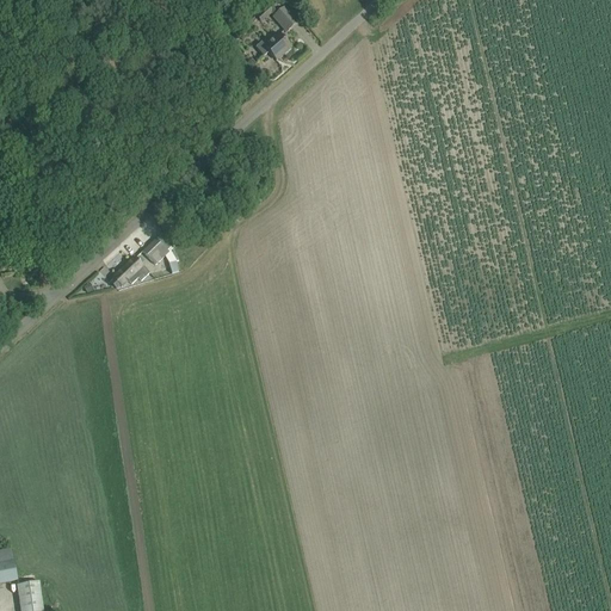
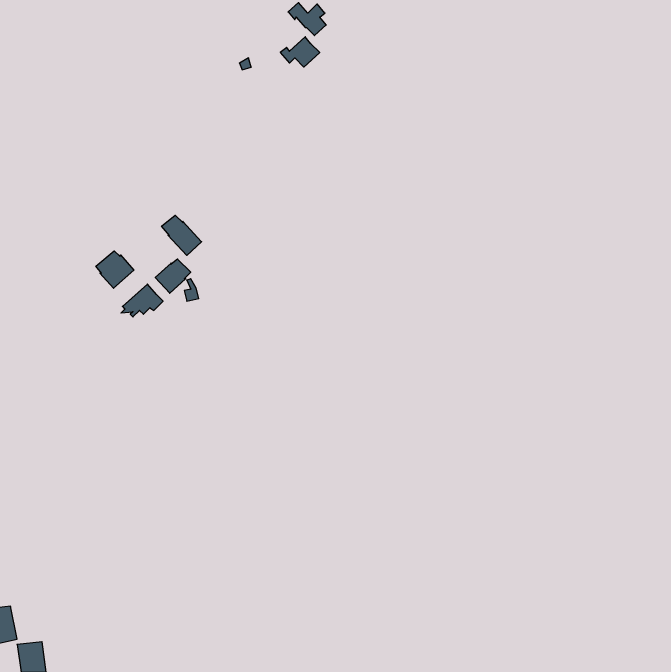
building: none -> [162,215,202,255]
building: none -> [96,251,134,288]

